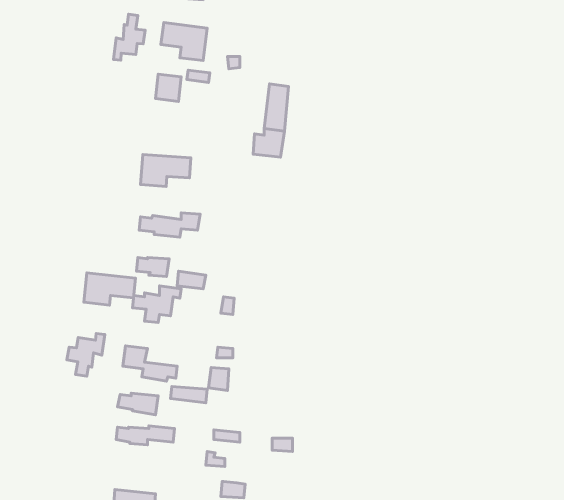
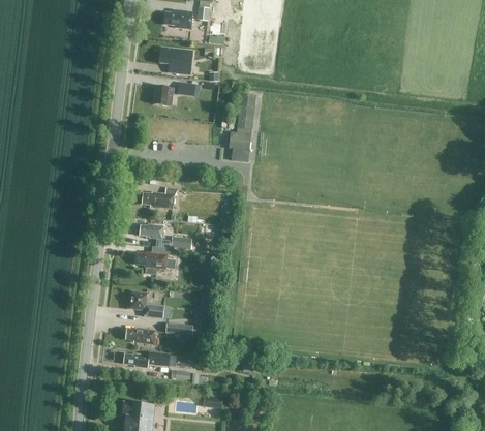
building: [114,14,145,60] -> none
building: [141,155,191,186] -> none
building: [84,273,136,305] -> none
building: [67,333,105,376] -> none

